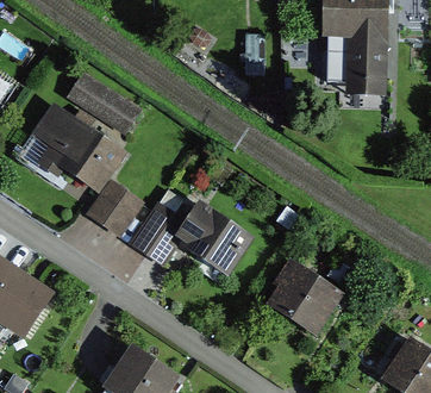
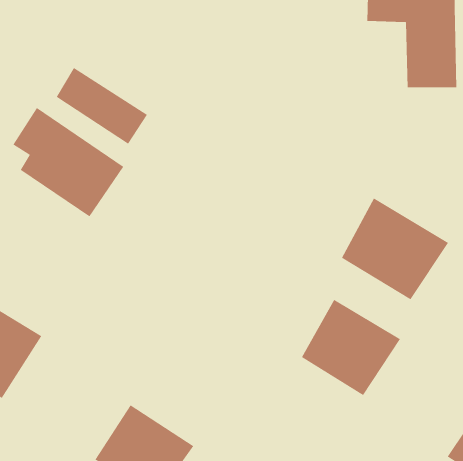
building: none -> [341,197,449,300]
building: [88,182,140,236] -> none
building: [130,198,255,275] -> none

